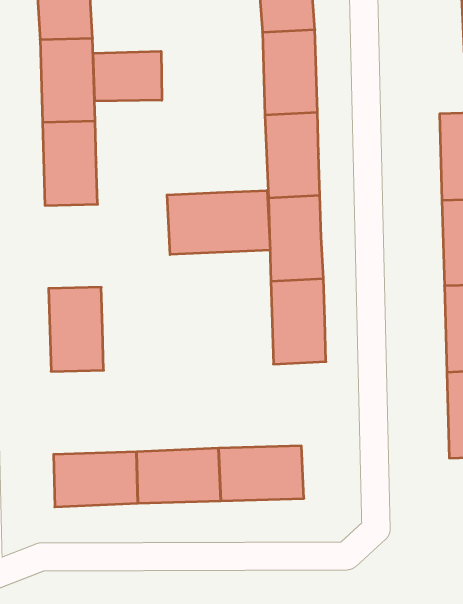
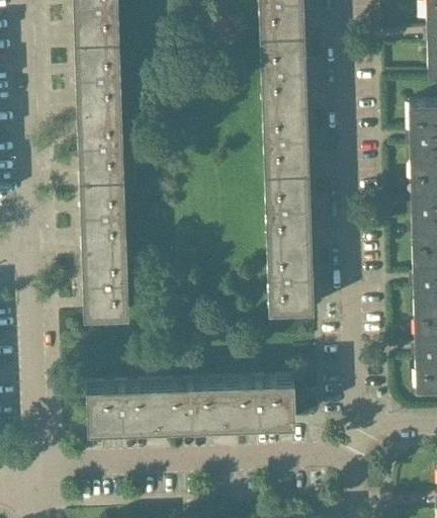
building: [93,51,162,101] -> none
building: [167,190,270,255] -> none
building: none -> [80,183,126,253]

